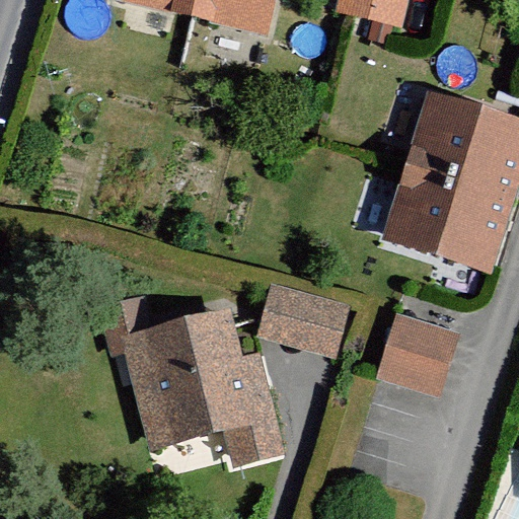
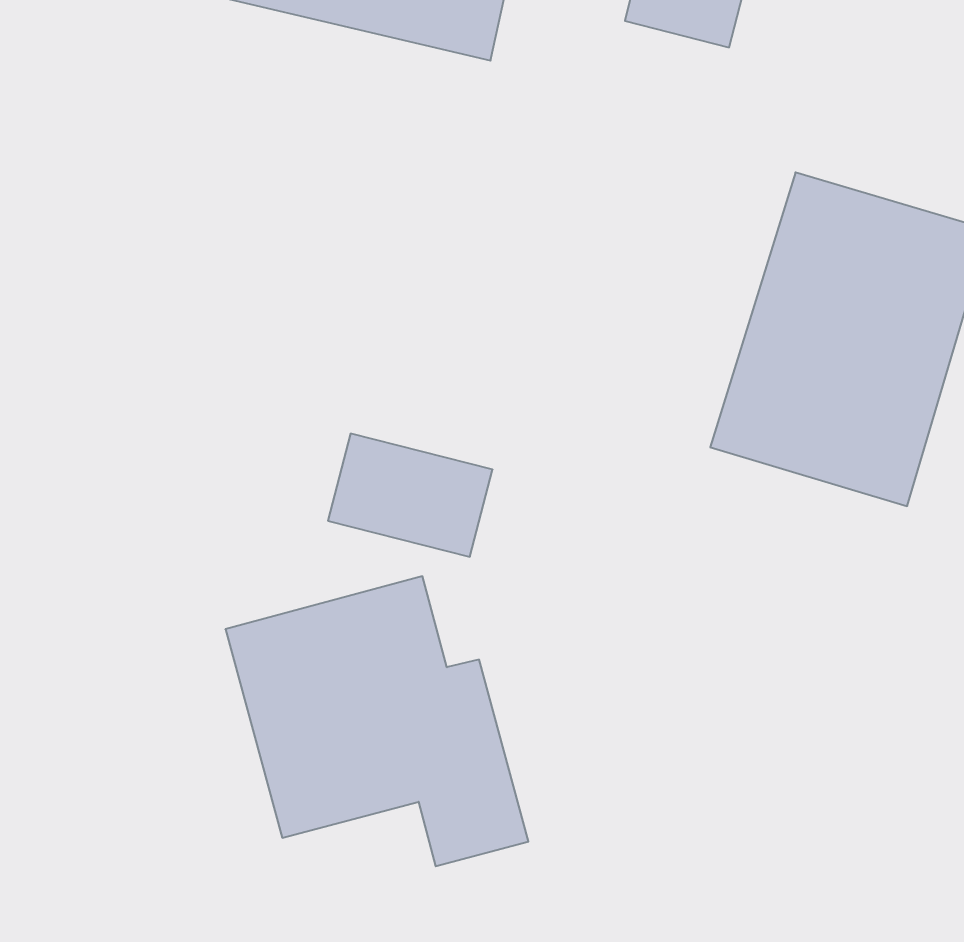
building: [258,288,347,354] -> [328,434,493,557]
building: [381,313,450,384] -> none

